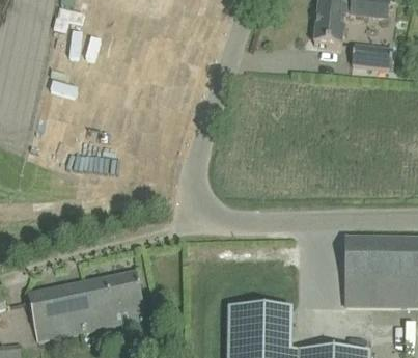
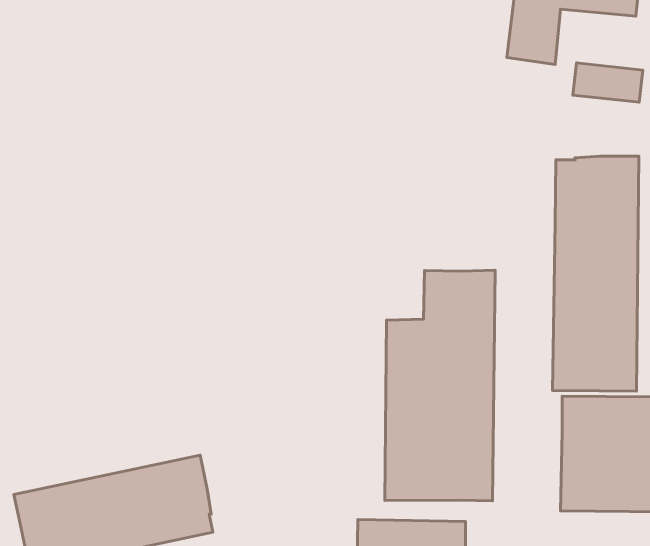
building: none -> [553,156,639,391]
building: none -> [385,270,495,501]

